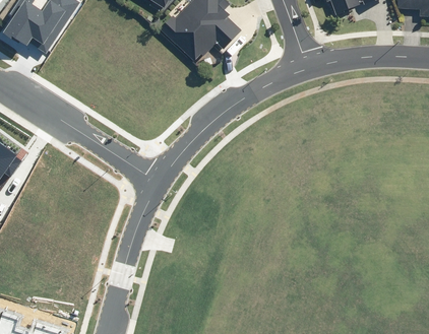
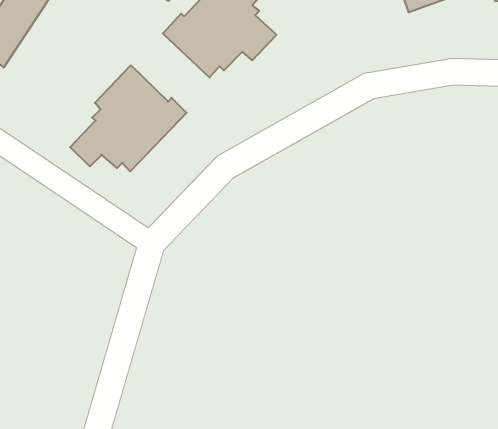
building: none -> [70,65,187,171]

